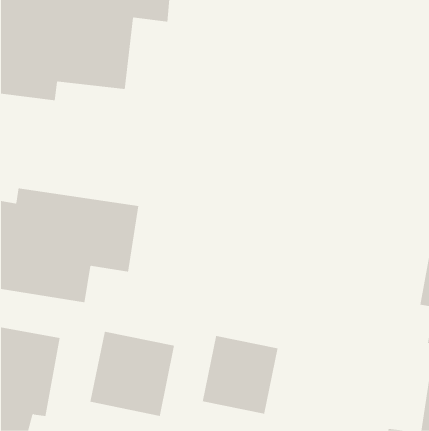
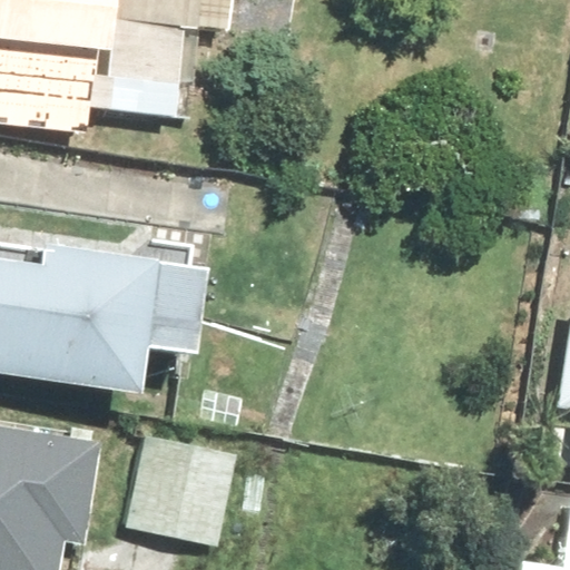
building: [202,335,278,415] -> none

